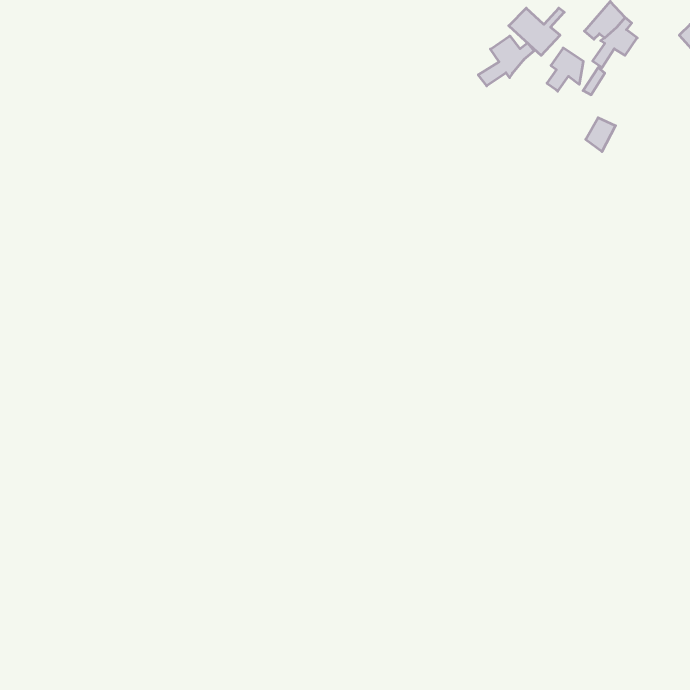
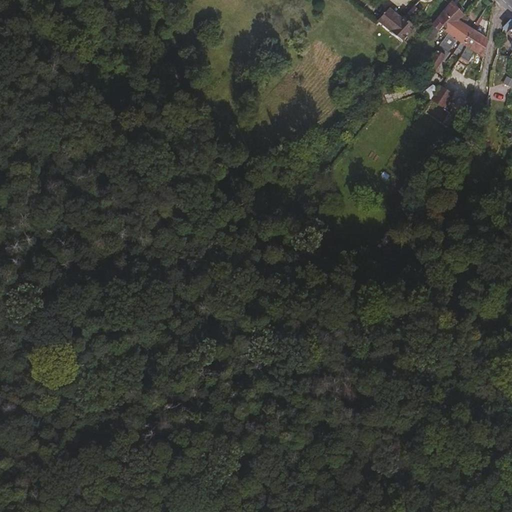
building: [478,36,534,86] -> none
building: [547,48,583,91] -> [460,28,487,60]

